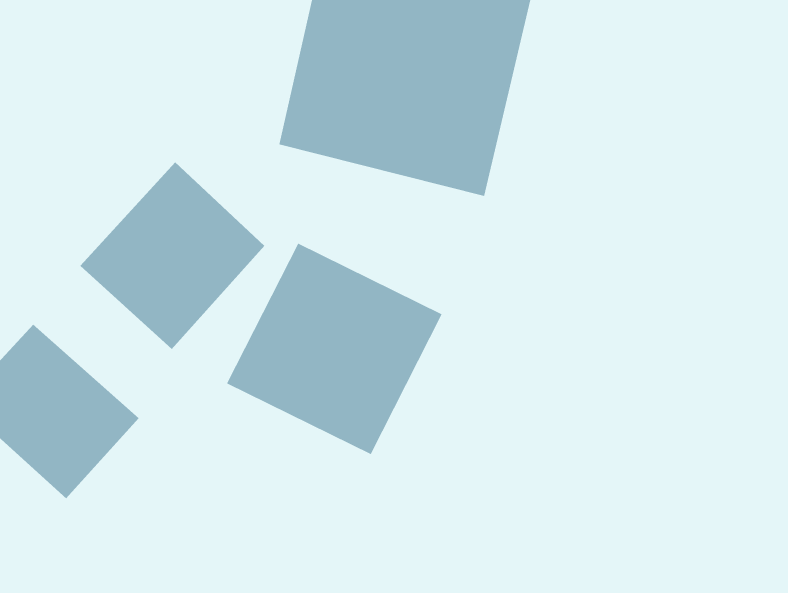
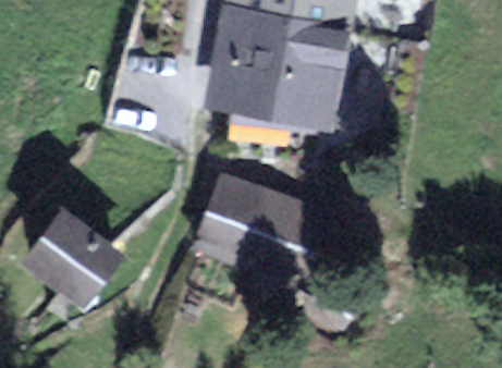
building: [80,161,265,350] -> none

